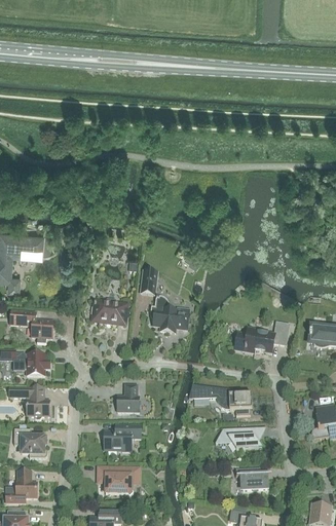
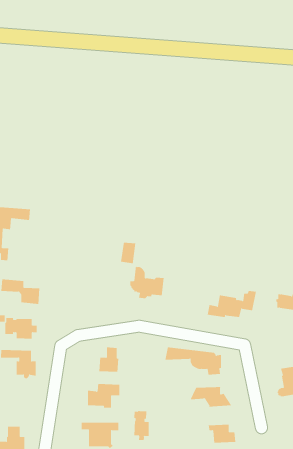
building: [92,298,127,325] -> none
building: [14,428,47,458] -> none
building: none -> [134,410,149,441]

